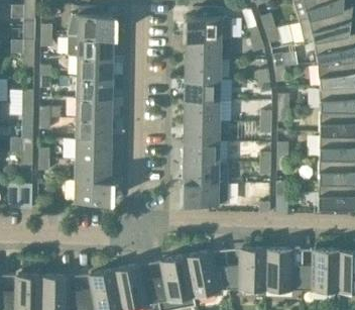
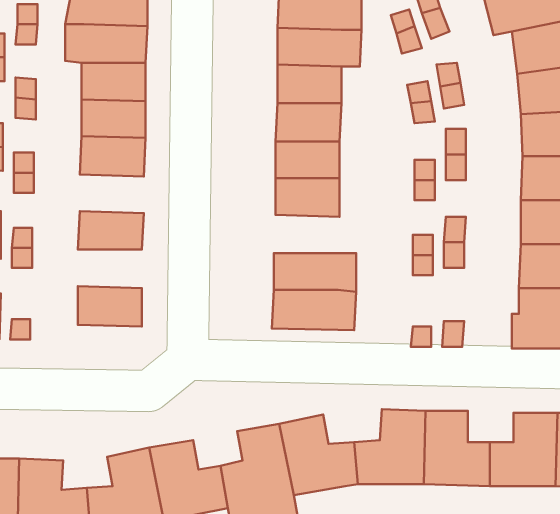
building: [76,119,111,140] -> none
building: [183,141,219,163] -> none
building: [75,161,110,182] -> none

